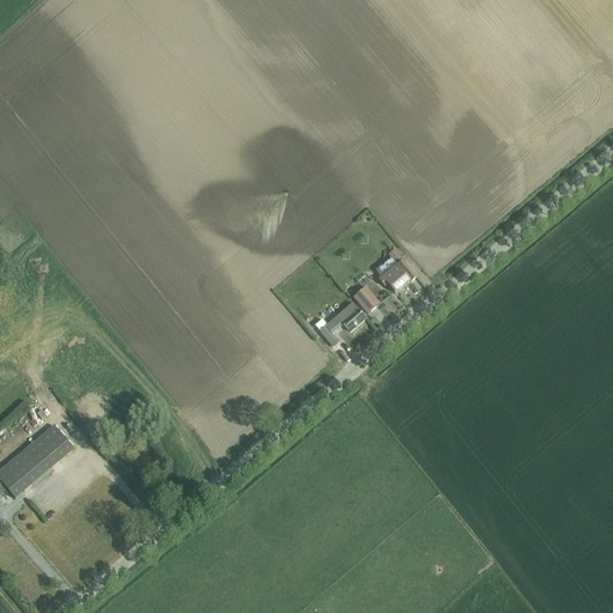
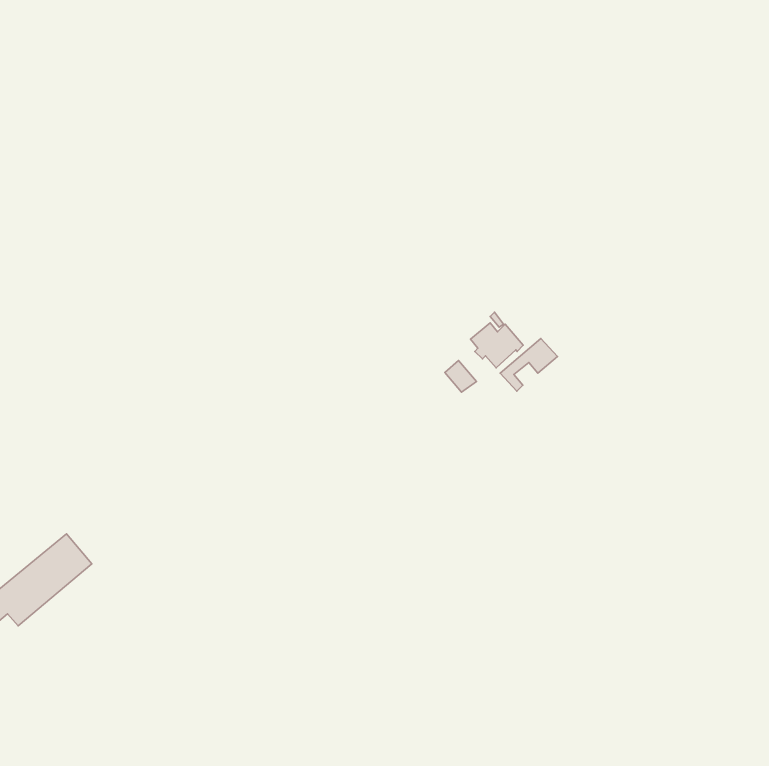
building: [320,303,365,345] -> [500,338,558,391]

